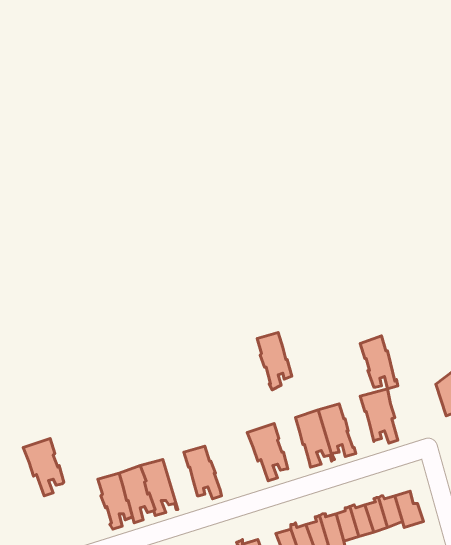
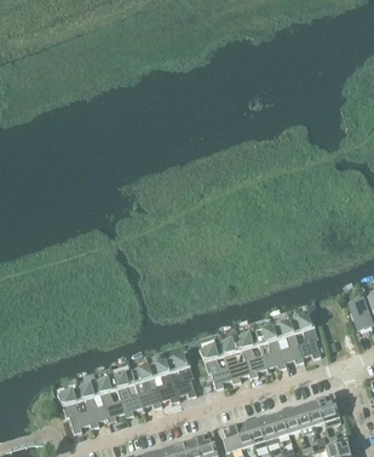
building: [257,332,292,390] -> [220,336,248,382]
building: [360,336,398,389] -> [272,319,303,361]
building: none -> [165,352,195,395]
building: [23,438,64,496] -> [57,386,90,432]
building: none -> [131,364,161,410]

